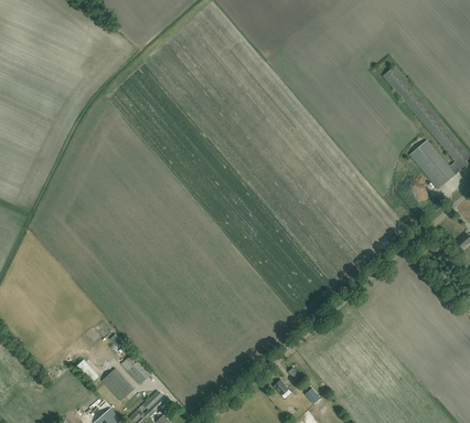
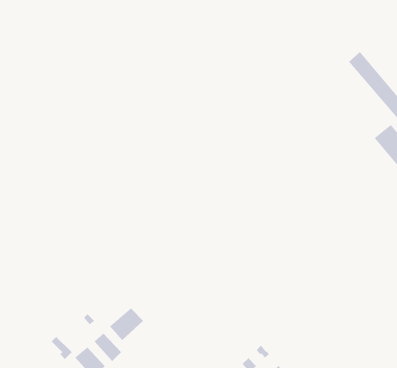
building: none -> [109,308,144,341]

